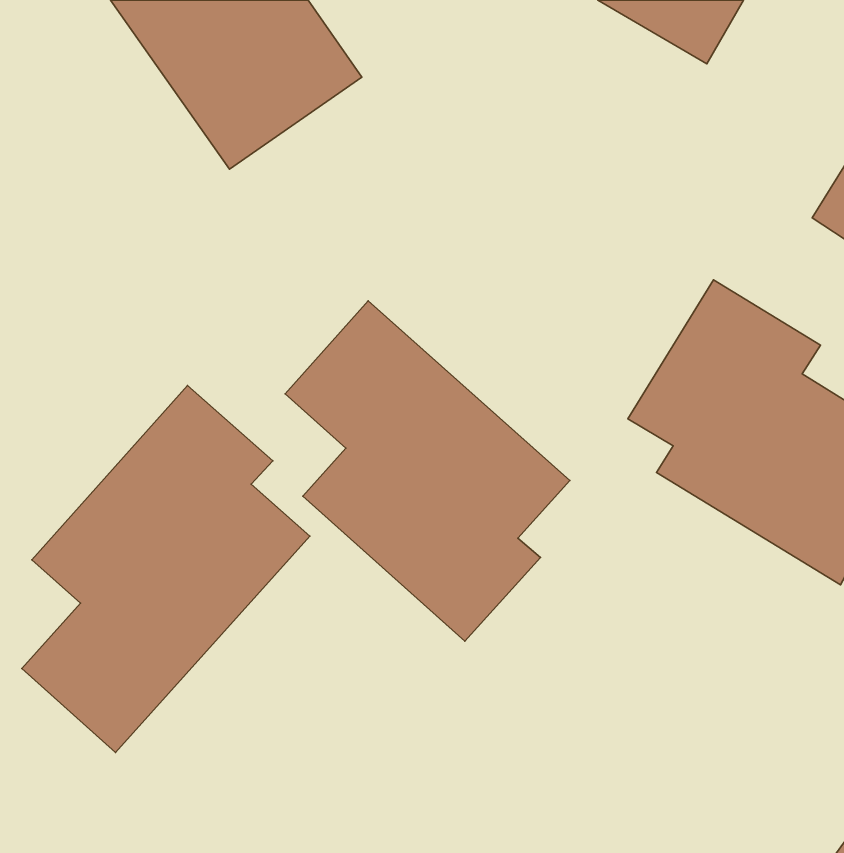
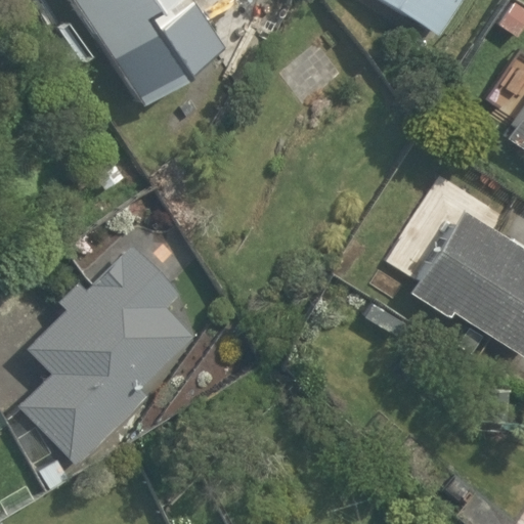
building: [285,301,570,641] -> none

